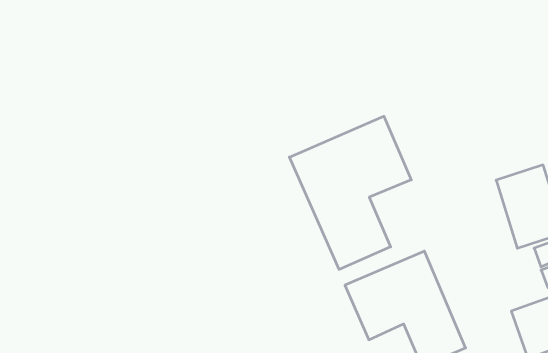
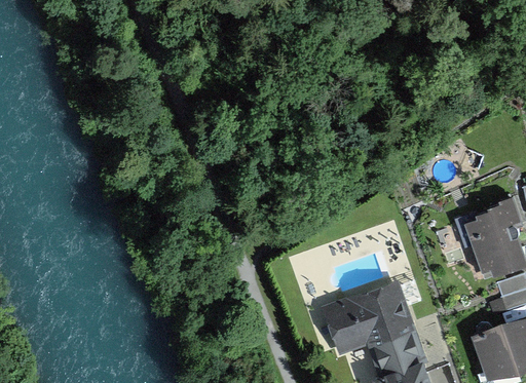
building: [289,116,411,269] -> none

